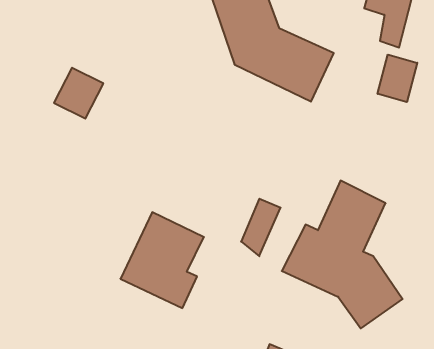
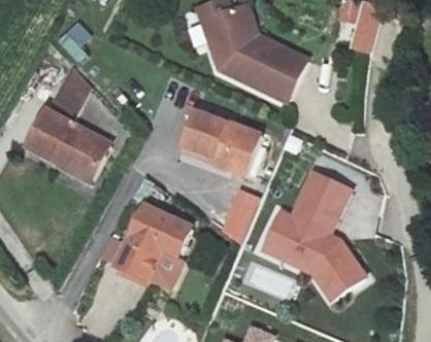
building: [378,55,417,102] -> none
building: none -> [26,107,111,180]
building: none -> [180,109,263,176]

